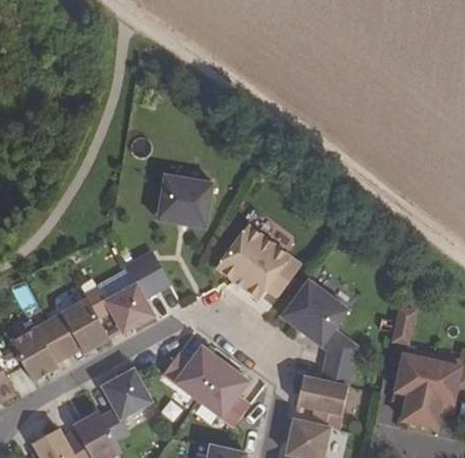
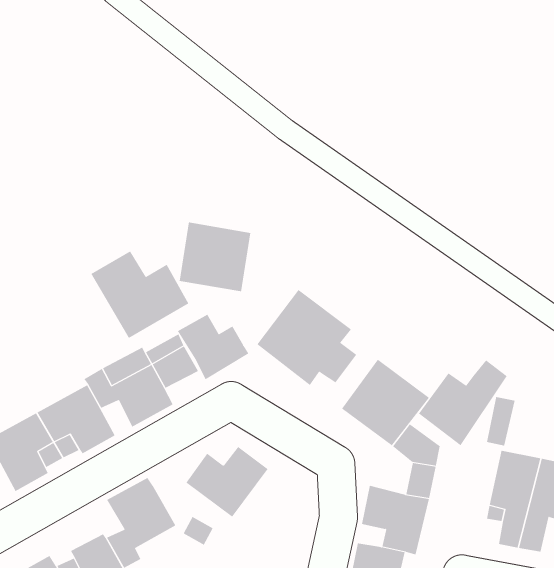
building: none -> [90,251,189,339]
building: none -> [177,314,249,380]
building: none -> [418,360,508,446]
building: [198,364,249,426] -> none

